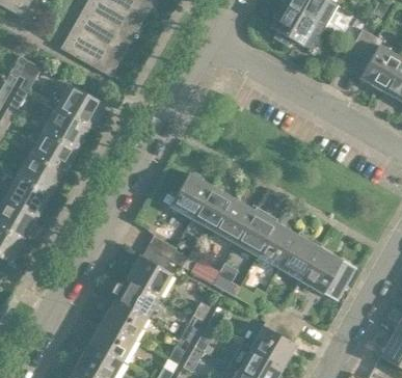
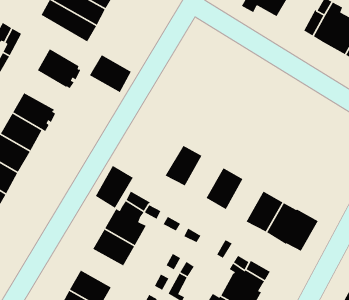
building: [43,108,88,150] -> [89,54,132,93]
building: [170,173,212,220] -> [95,165,134,209]
building: [214,198,254,244] -> none
building: [258,223,297,269] -> none
building: [103,298,149,339] -> none

